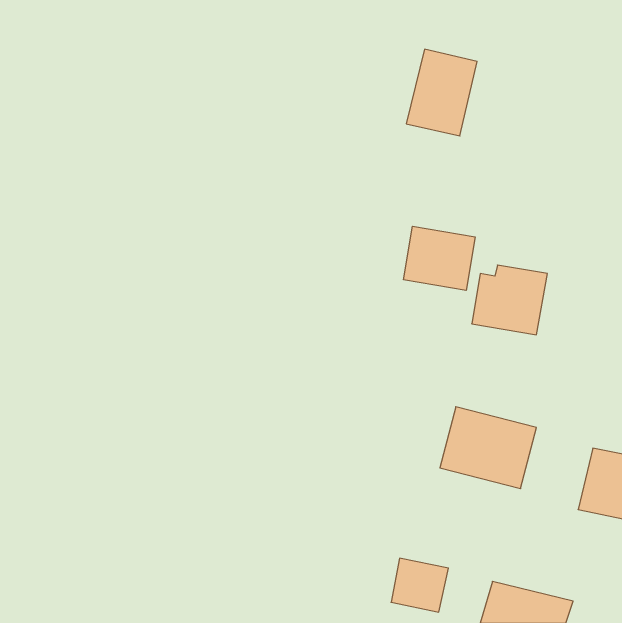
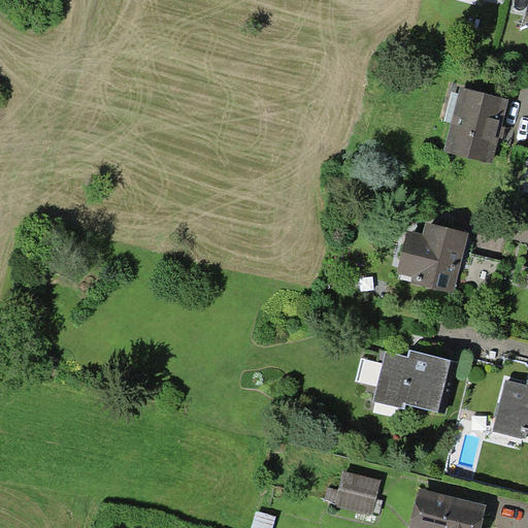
building: [406,49,477,136] -> [447,90,506,163]
building: [404,226,475,290] -> none

